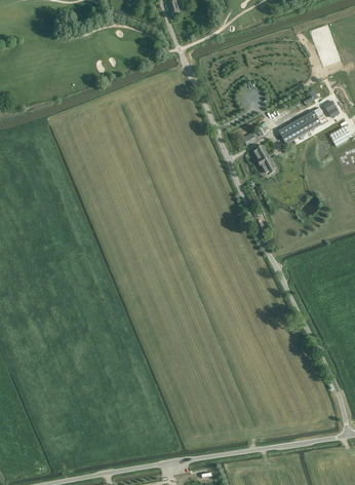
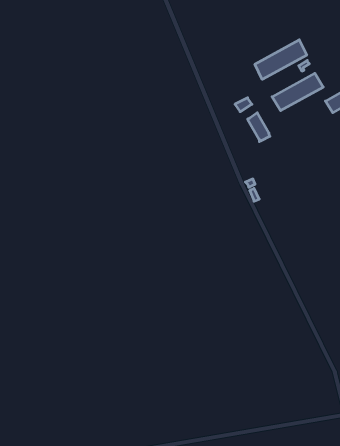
building: none -> [255,40,307,79]

